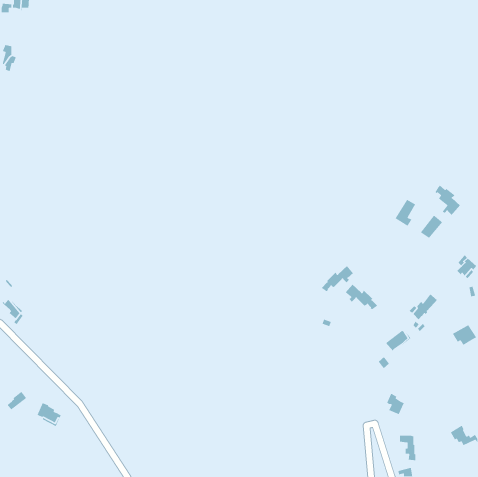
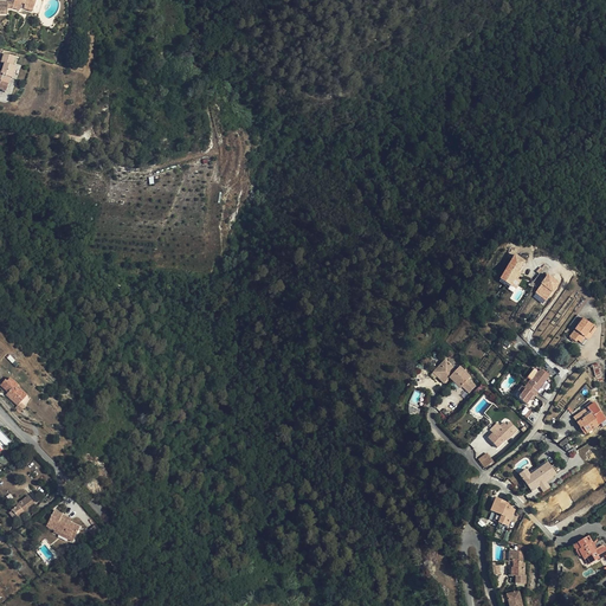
building: [435,185,461,216] -> none
building: [321,265,354,292] -> none
building: none -> [520,460,556,490]

